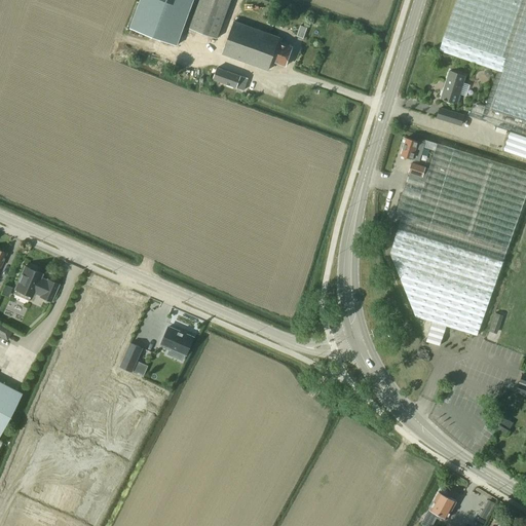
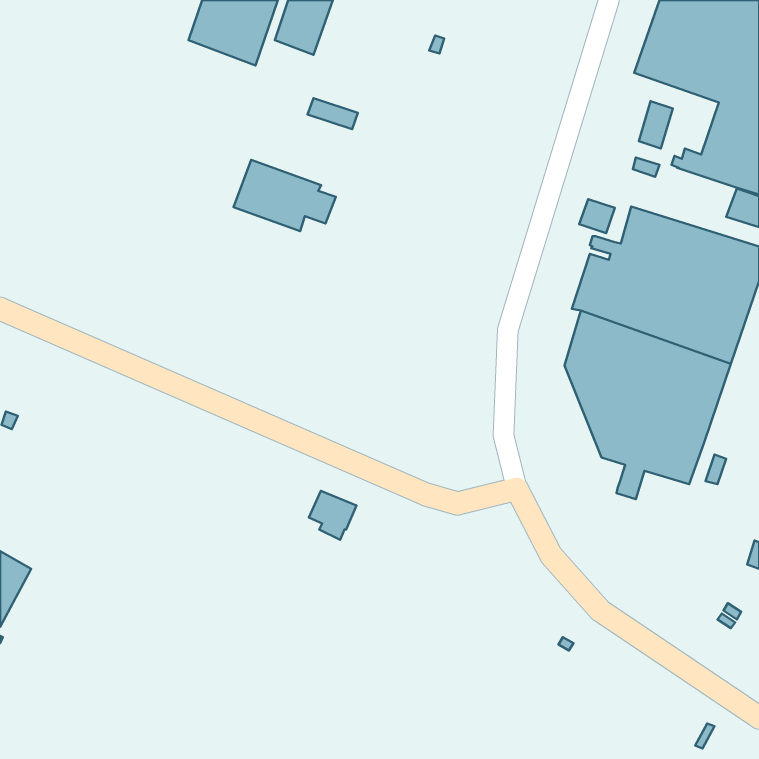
building: [222,21,293,70] -> [233,160,336,231]
building: [15,266,59,301] -> none
building: [160,327,193,361] -> [309,491,356,540]
building: [120,342,148,376] -> none
building: [429,489,456,519] -> none

